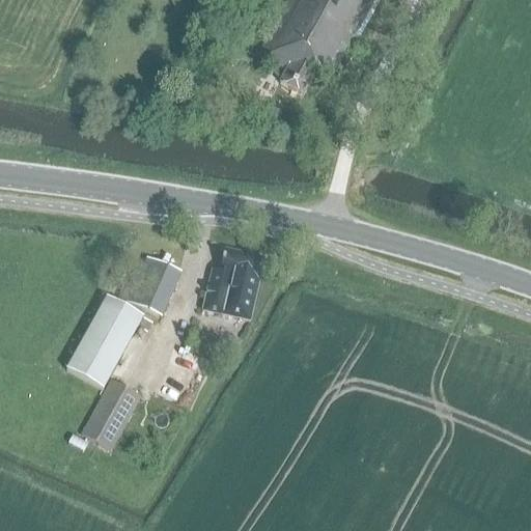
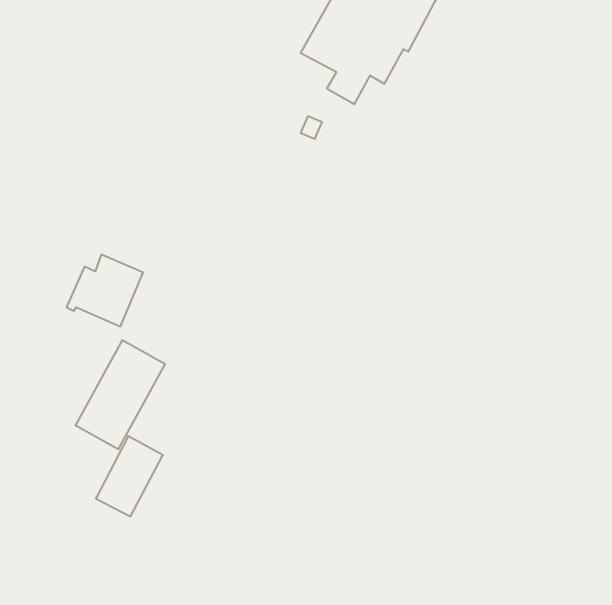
building: [203,246,266,318] -> none
building: [115,254,181,316] -> [67,255,143,326]

